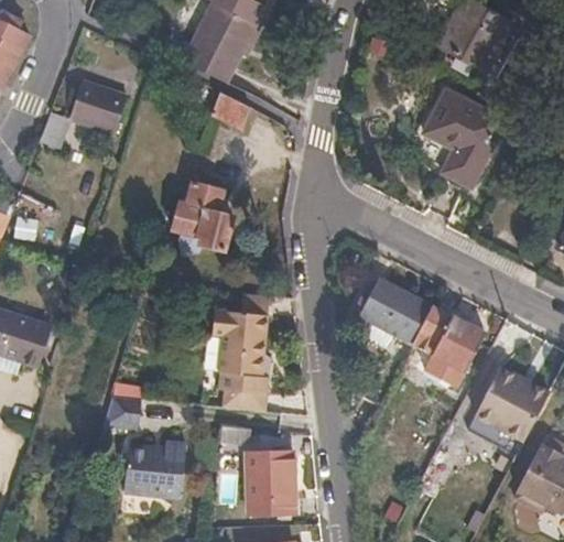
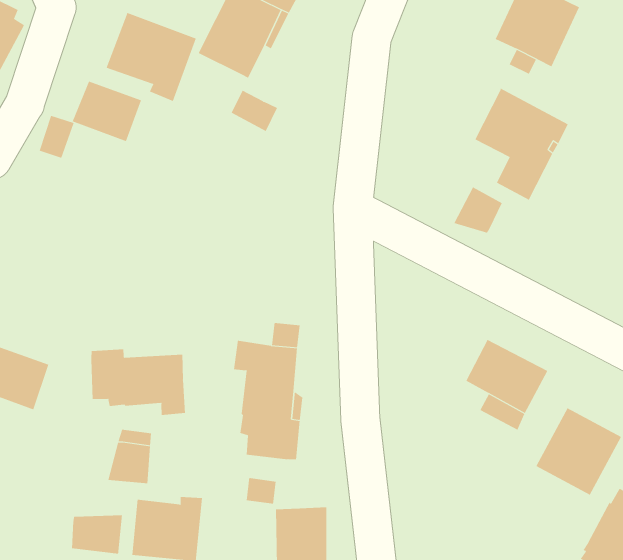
building: none -> [106,12,197,102]
building: none -> [453,186,502,234]
building: [172,183,235,251] -> none
building: [358,279,430,340] -> none
building: none -> [91,348,185,416]
building: none -> [72,514,122,554]

